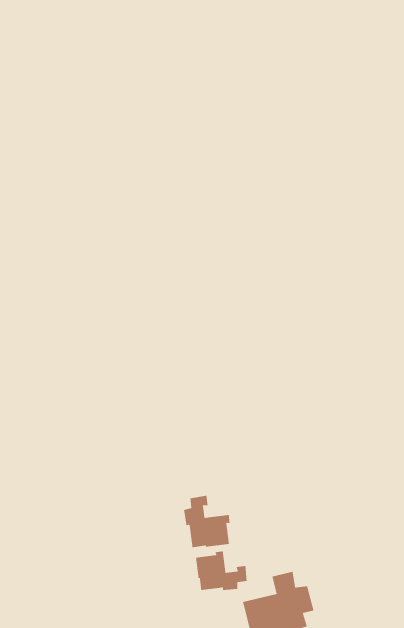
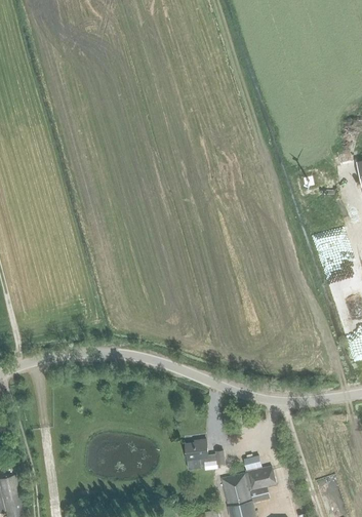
building: [183,495,230,548] -> none

